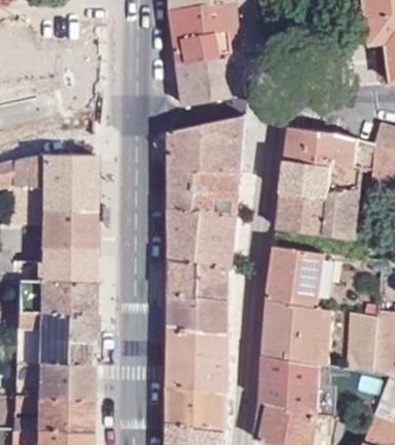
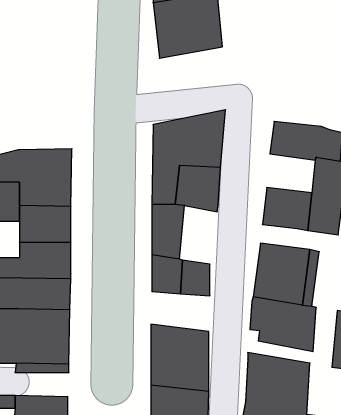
building: [178,54,243,105] -> none
building: [283,159,331,197] -> none
building: [198,210,235,267] -> none
building: [170,294,227,333] -> none
building: [265,331,329,365] -> none
building: [36,374,89,395] -> none

